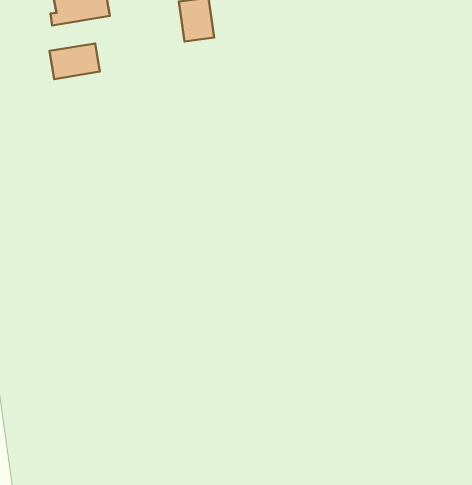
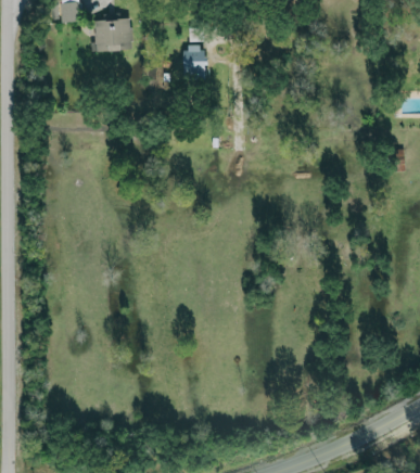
building: [49,43,100,79] -> none

